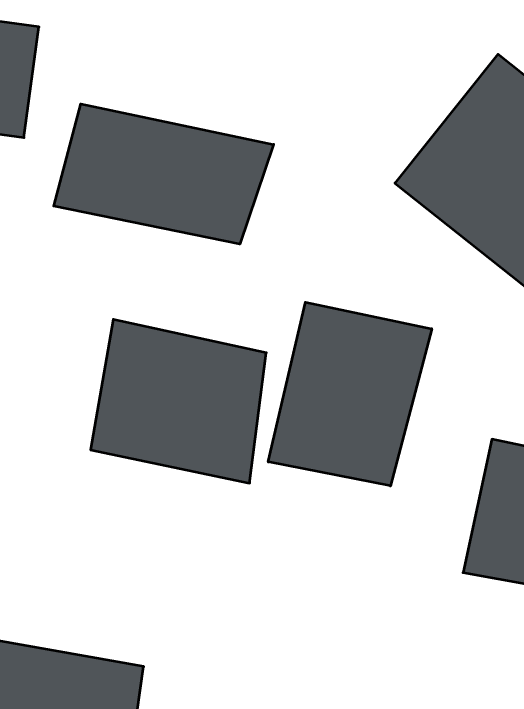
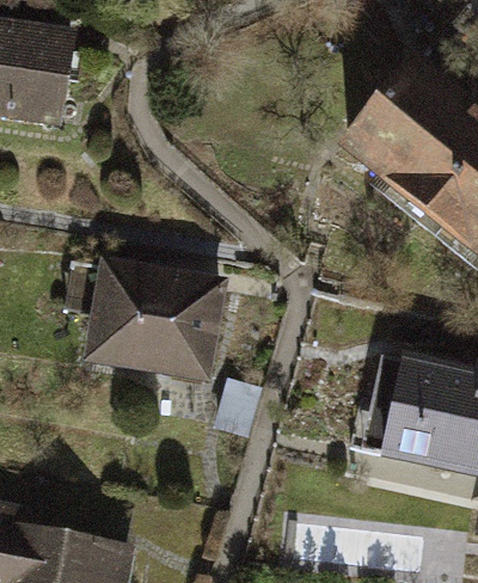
building: [54,104,274,244] -> none
building: [268,302,432,486] -> none

